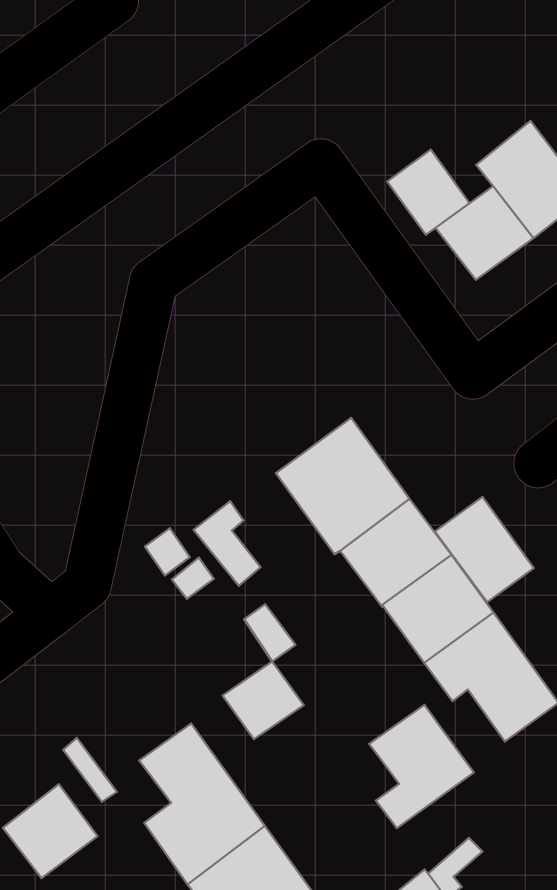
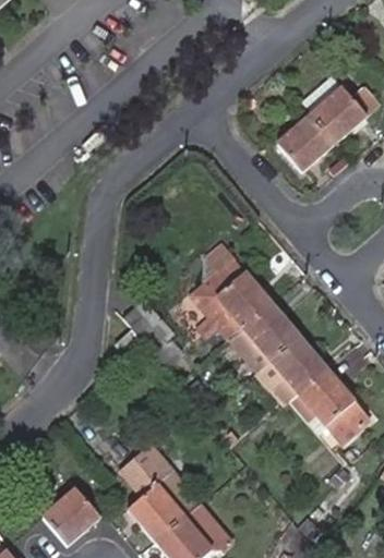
building: [387,150,470,235] -> none
building: [435,497,534,603] -> none
building: [222,661,304,739] -> none
building: [369,705,474,828] -> none

